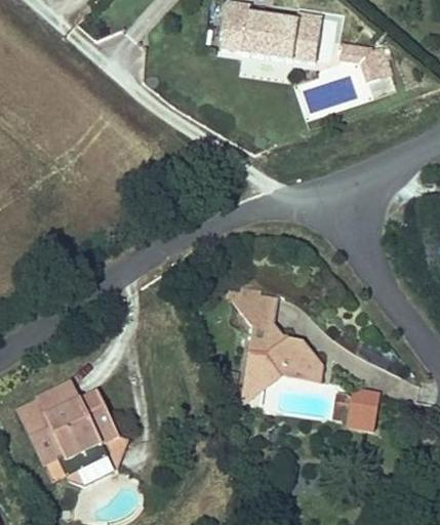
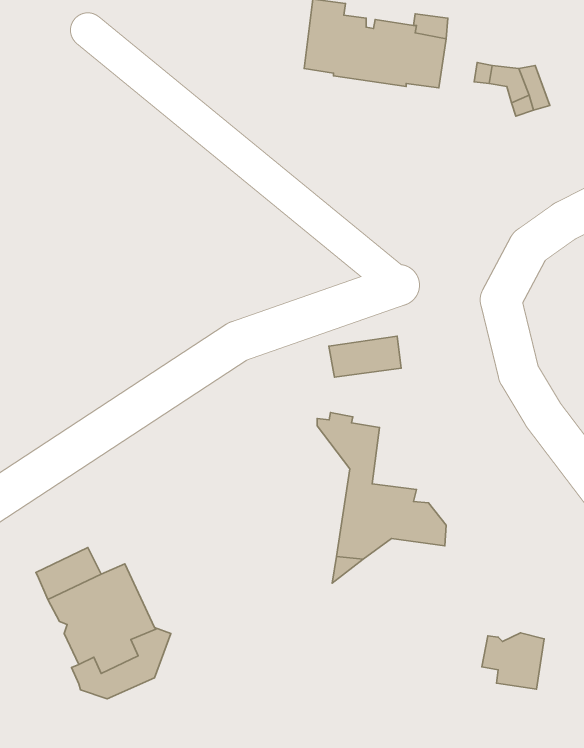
building: none -> [329,336,401,377]
building: [337,391,381,430] -> [482,633,544,689]
building: [19,399,67,463] -> none

